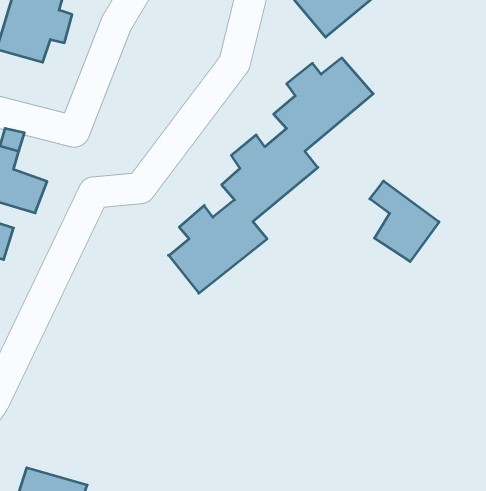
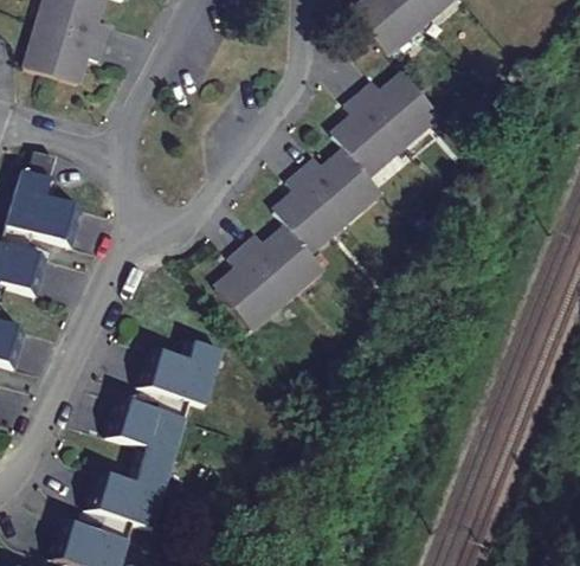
building: [370,181,439,262] -> none
building: none -> [140,343,221,406]
building: none -> [85,401,187,529]

